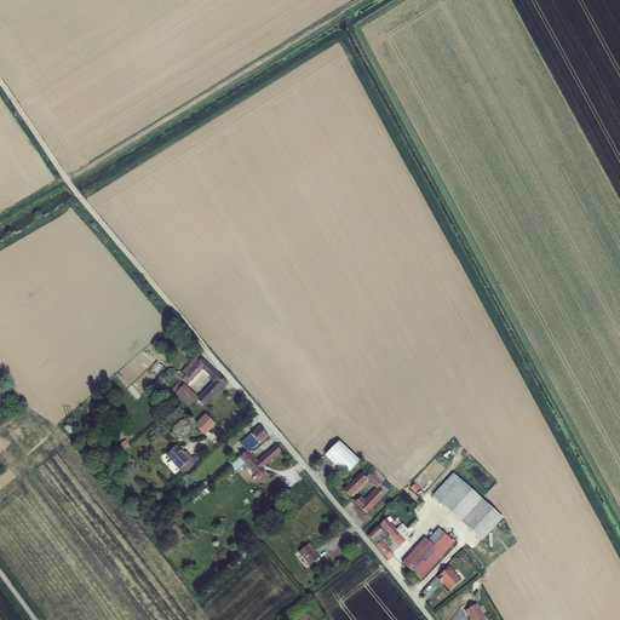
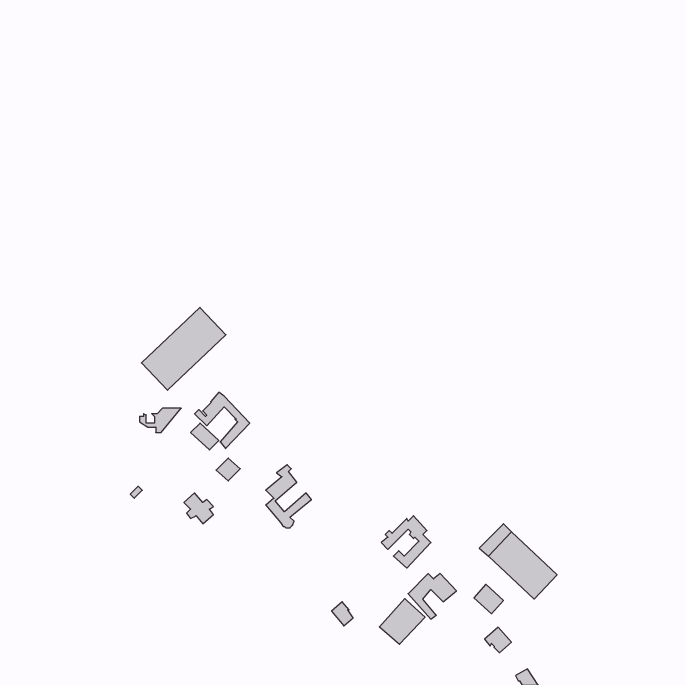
building: none -> [141,307,226,390]
building: [326,441,360,473] -> none
building: [402,536,443,578] -> [379,599,425,644]

